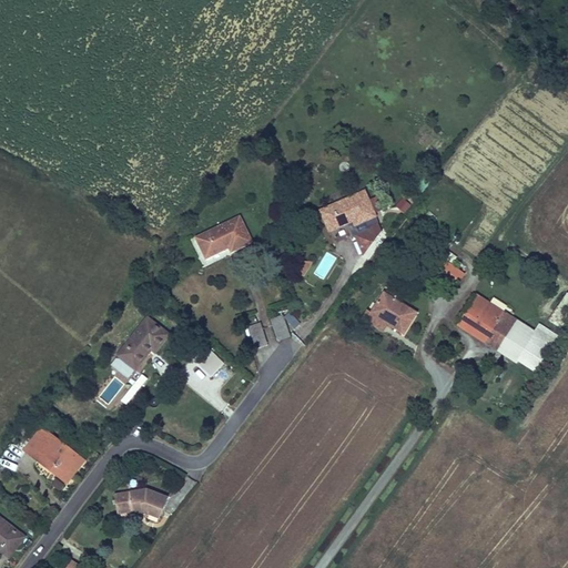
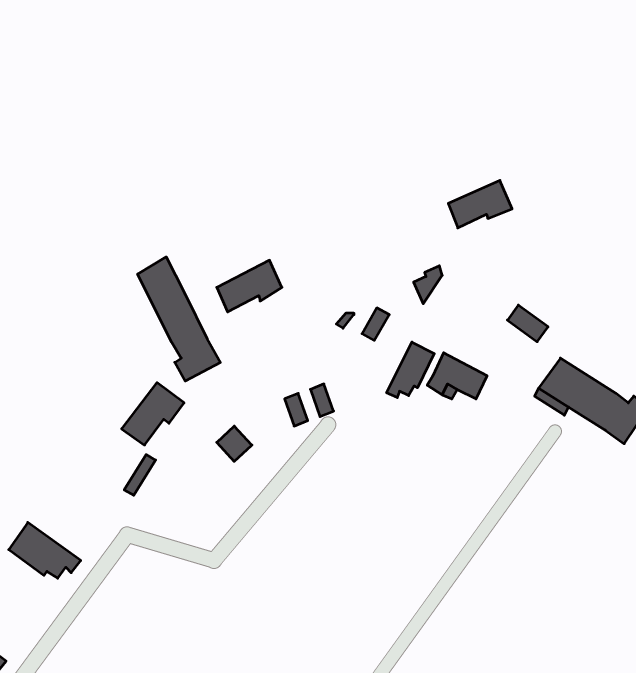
building: [321,189,373,227] -> [448,180,512,228]
building: none -> [138,257,220,381]
building: none -> [387,342,434,398]
building: [116,490,172,520] -> none

